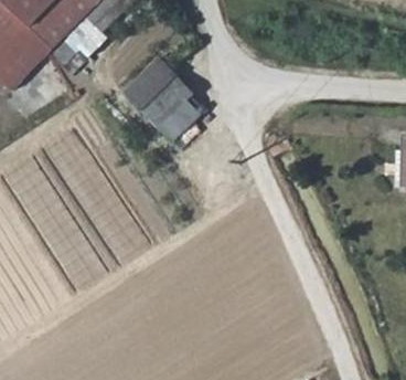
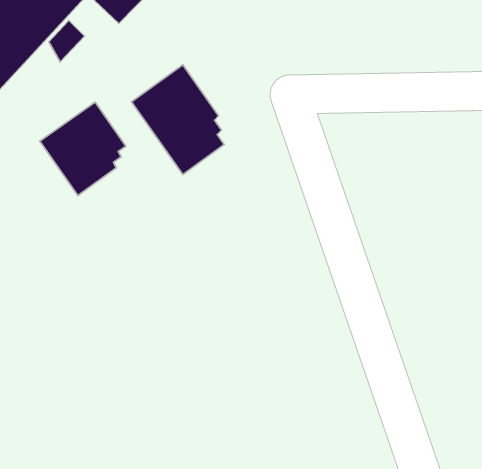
building: none -> [40,102,126,196]

